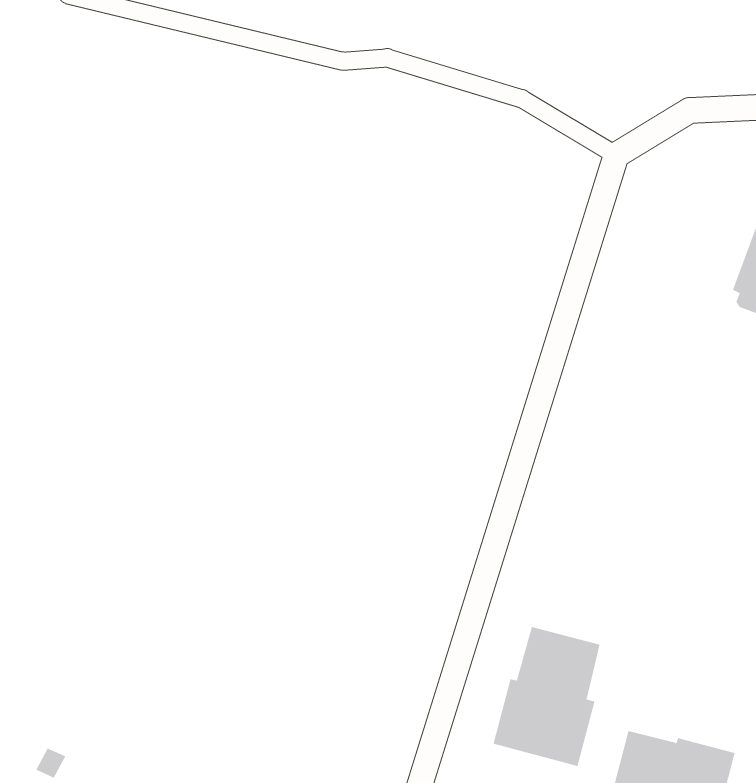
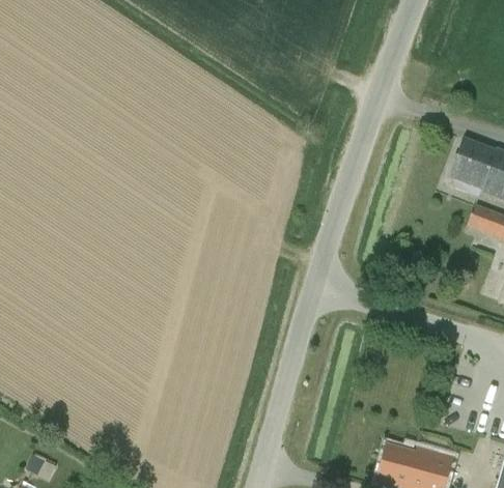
building: [493,626,600,767] -> none

